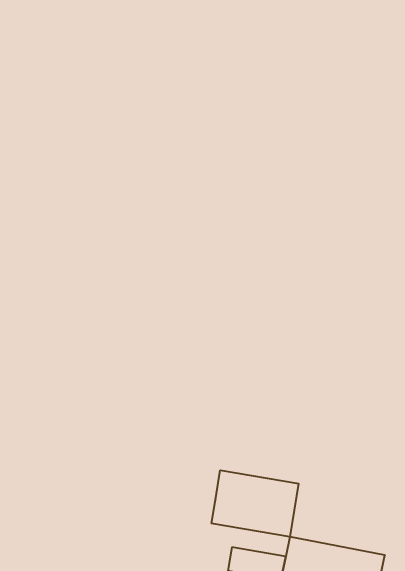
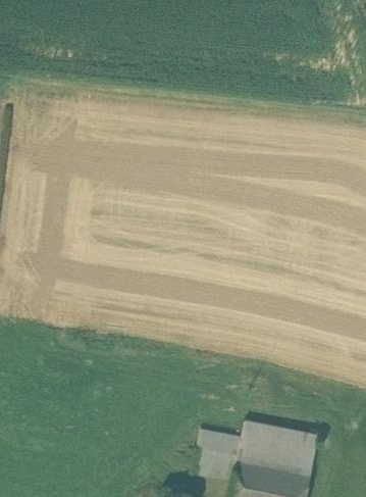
building: [212,470,299,537] -> none

